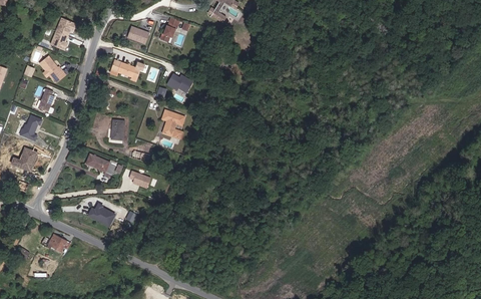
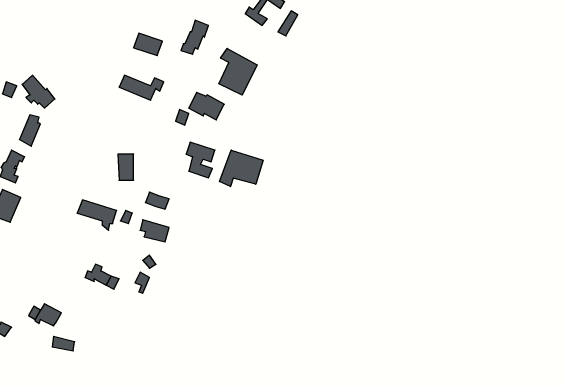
building: [48,17,73,49] -> none
building: none -> [219,48,257,95]
building: none -> [220,150,263,187]

